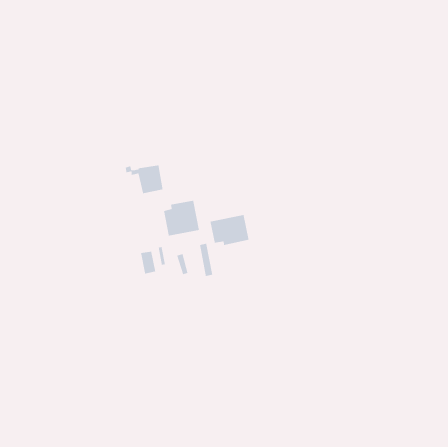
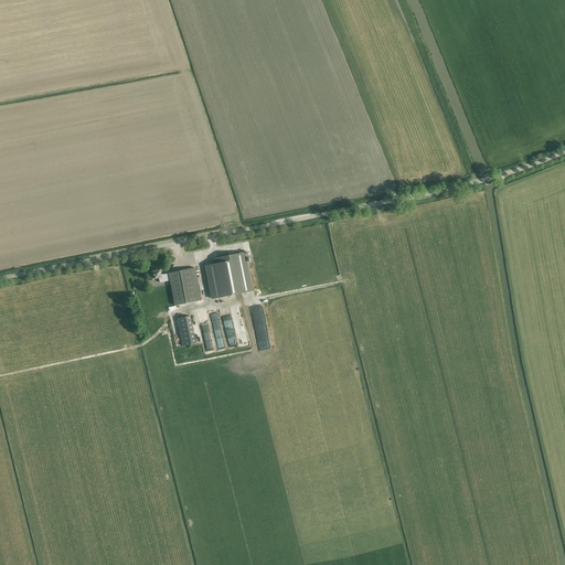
building: [125,164,163,194] -> [152,267,201,305]
building: [210,214,249,246] -> none

